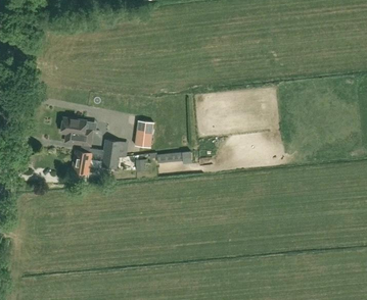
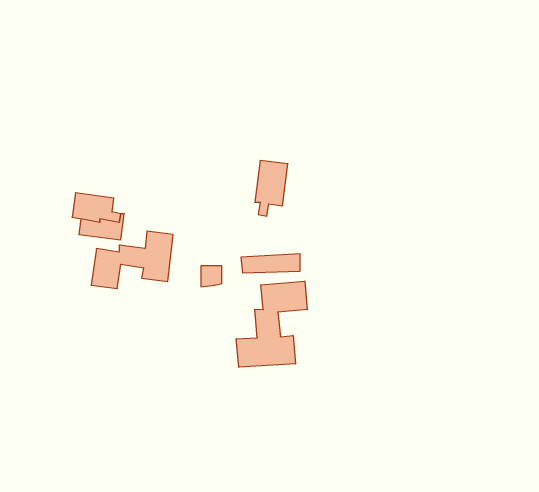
building: [135,120,154,153] -> [255,160,288,216]
building: none -> [236,281,307,367]

